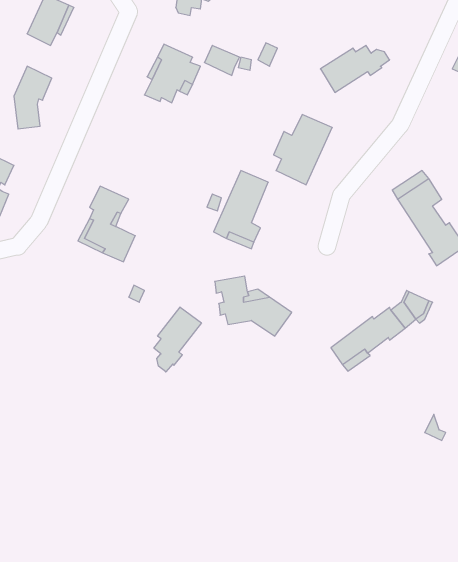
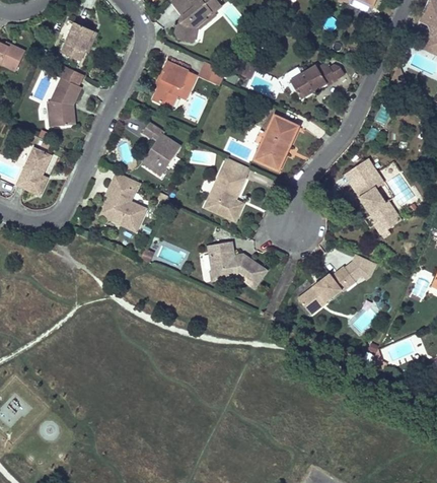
building: none -> [143,122,179,175]
building: [154,307,201,372] -> none

